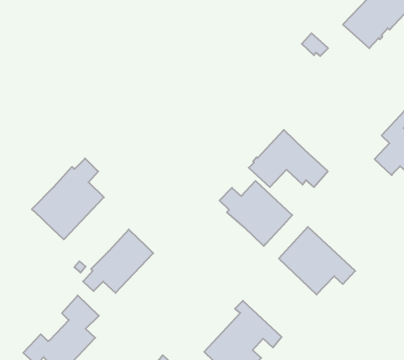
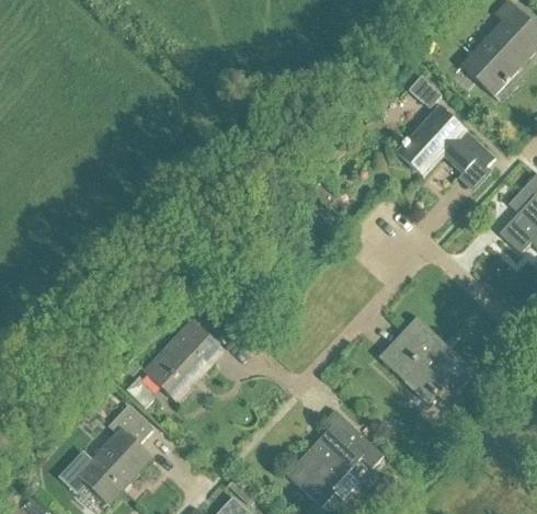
building: [249,130,328,187] -> [396,105,494,176]
building: [32,158,104,239] -> none
building: [220,181,292,246] -> none

